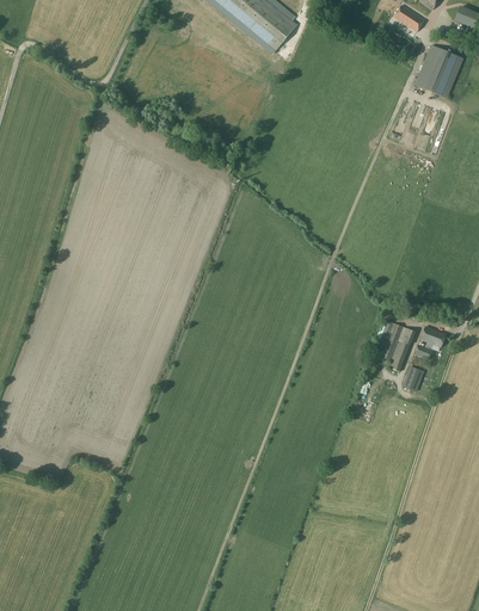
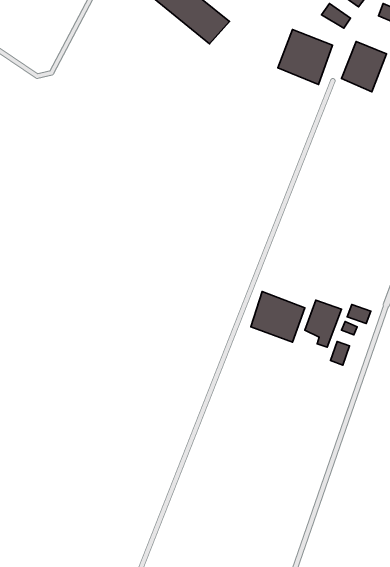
building: none -> [278,29,332,84]
building: none -> [251,292,305,342]

